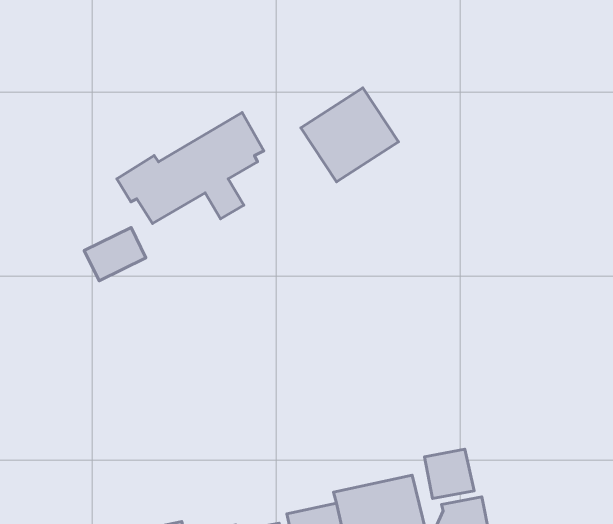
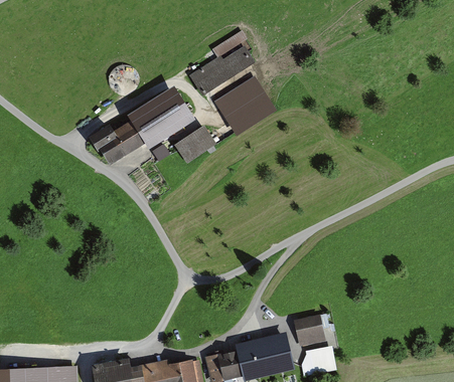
building: none -> [190,30,257,96]
building: none -> [176,127,216,161]
building: [84,227,146,281] -> none

